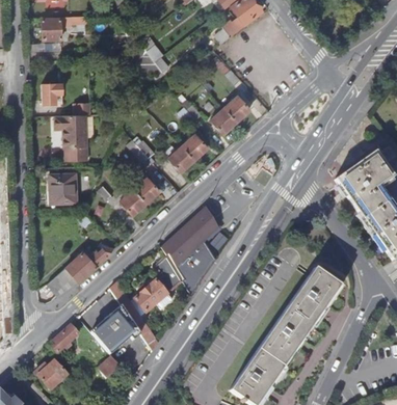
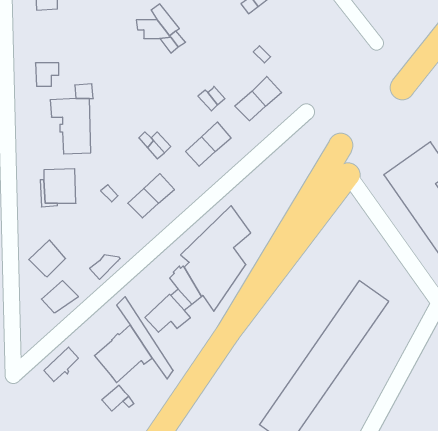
building: [64,251,96,282] -> [29,240,66,277]
building: [34,359,68,389] -> none

